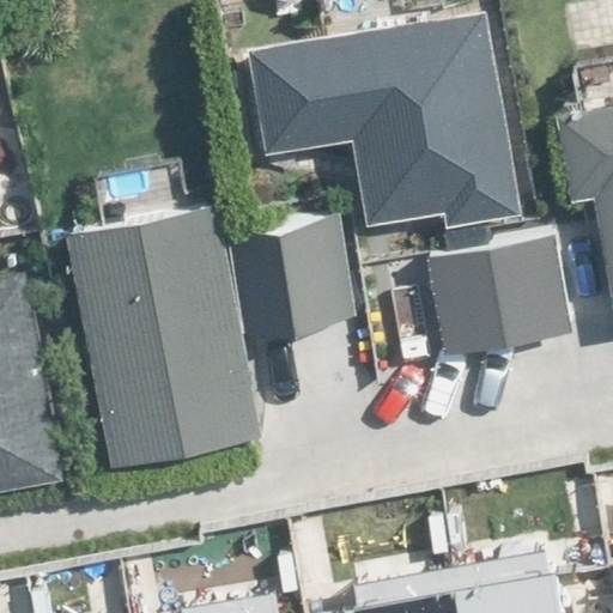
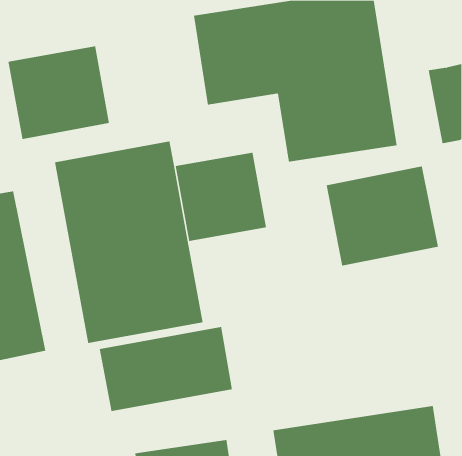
building: none -> [8,46,110,140]
building: none -> [99,326,233,412]

